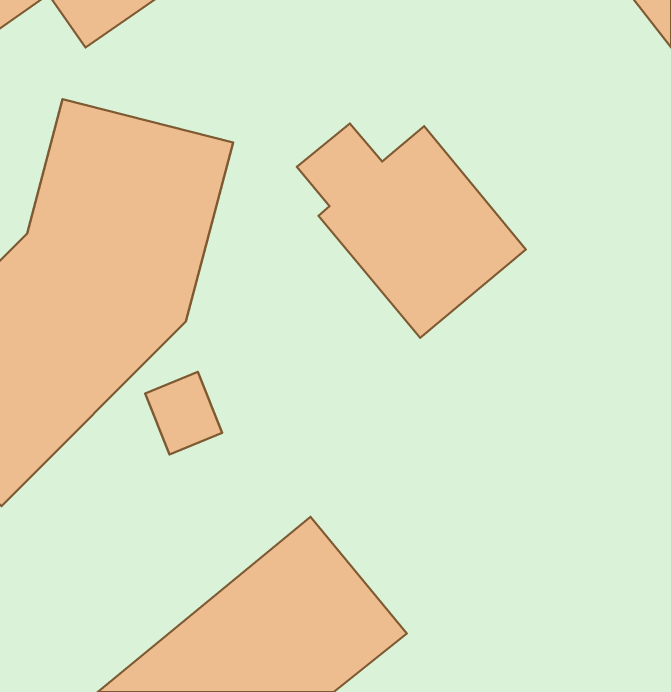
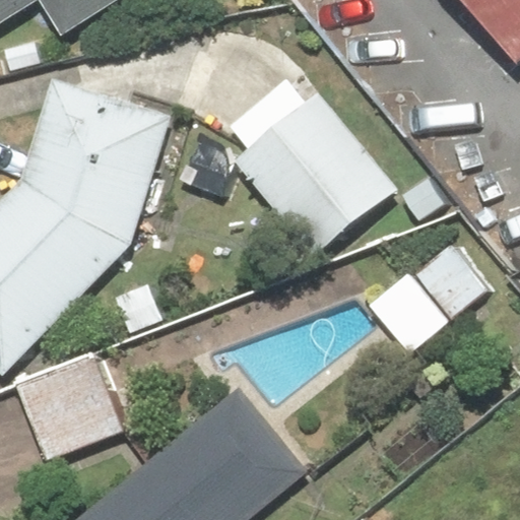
building: none -> [366,238,486,355]
building: none -> [16,359,122,464]

